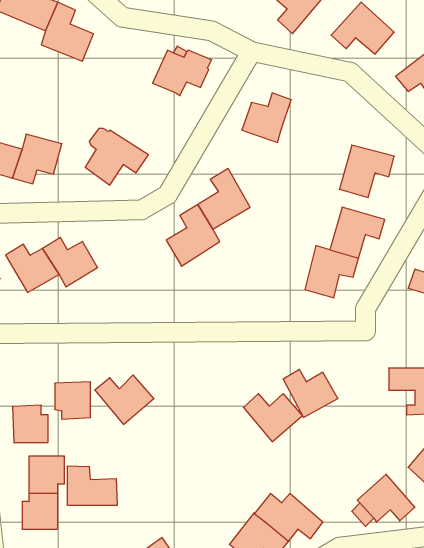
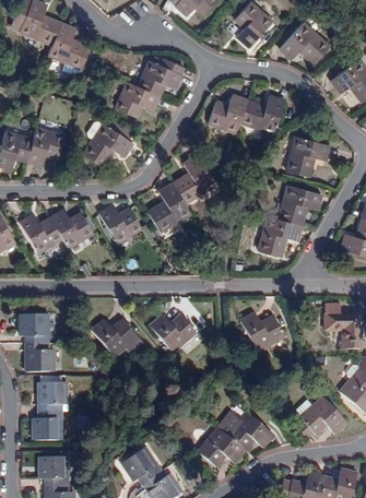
building: none -> [115,82,158,118]
building: none -> [239,95,284,133]
building: none -> [98,204,141,244]
building: [55,382,91,419] -> [20,313,48,343]
building: [243,394,303,442] -> [149,315,196,353]
building: [68,466,117,505] -> none

